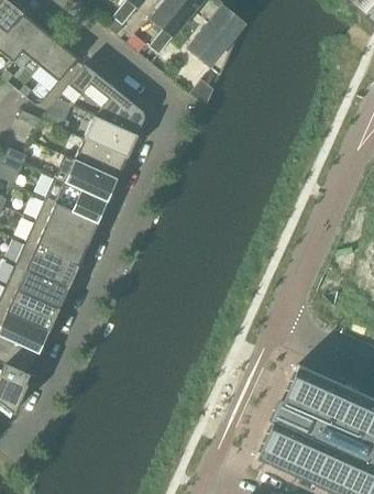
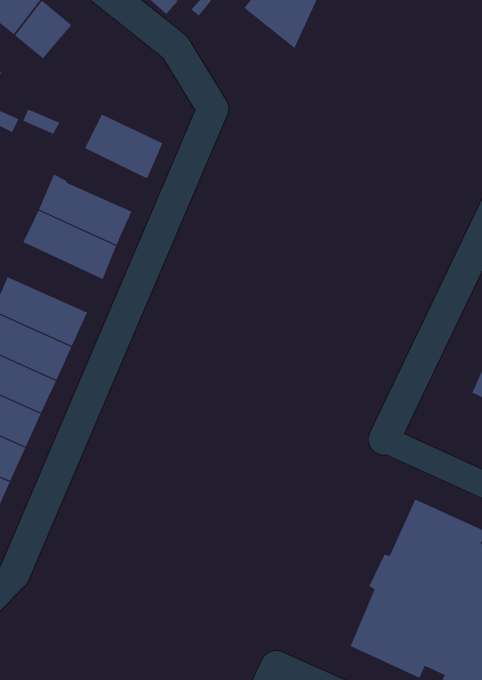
building: [56,65,143,135] -> none
building: [74,139,125,179] -> none
building: [35,199,97,244] -> none

